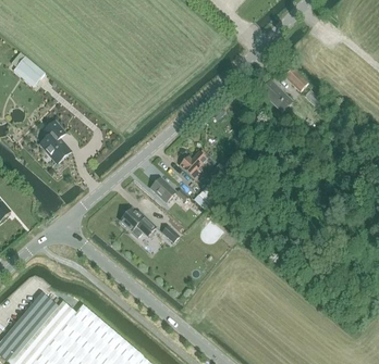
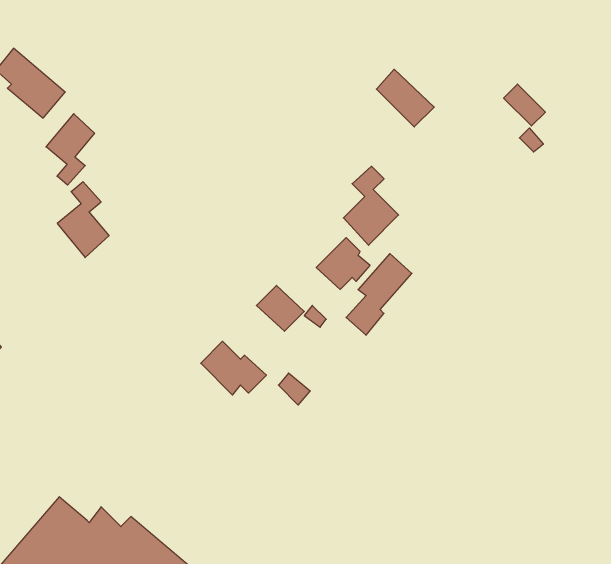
building: [260,79,292,111] -> [376,69,434,127]
building: none -> [46,114,95,185]
building: none -> [343,166,399,245]

